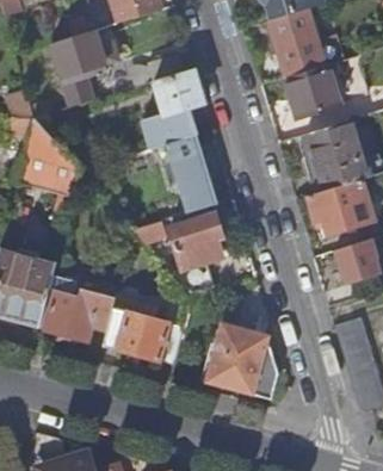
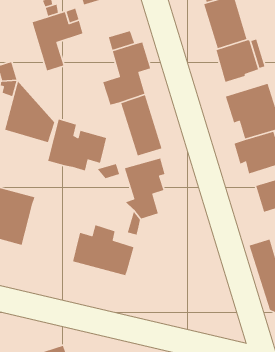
building: [38,275,115,342] -> [47,119,107,171]
building: [205,323,277,399] -> none

